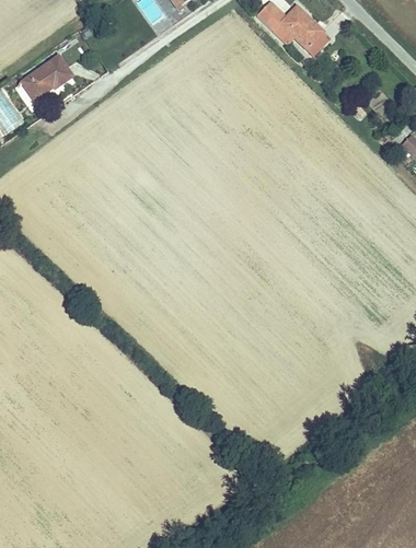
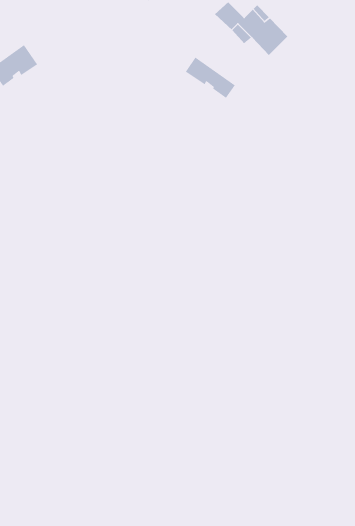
building: none -> [185,57,236,99]

